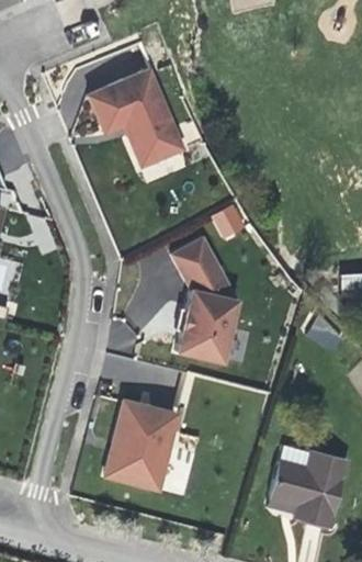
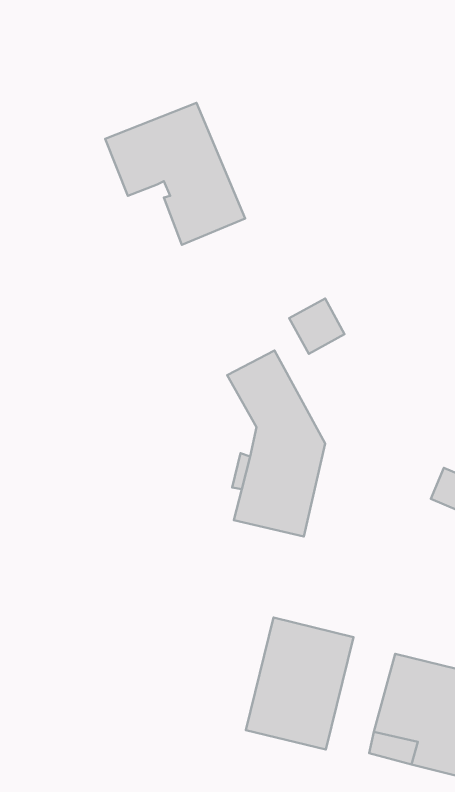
building: [106,402,179,491] -> [246,618,353,750]

